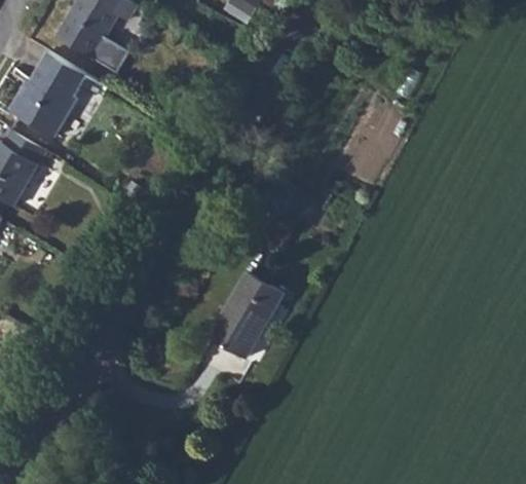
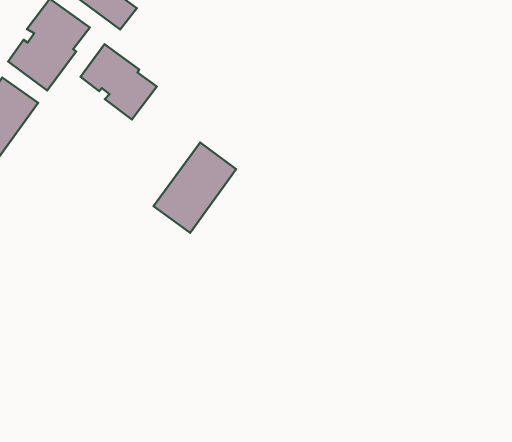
building: none -> [81,44,157,119]
building: [208,273,281,359] -> [153,142,236,233]

